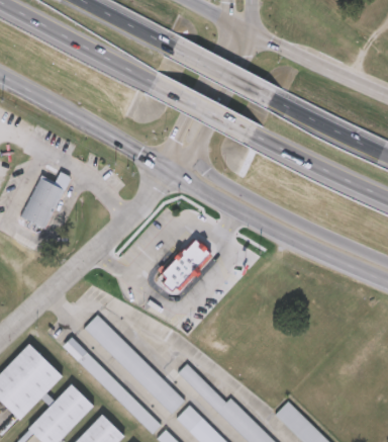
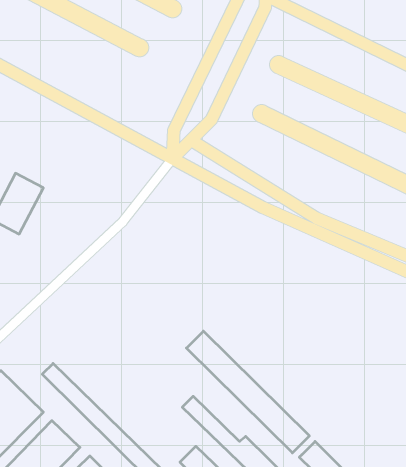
building: [160,239,210,290] -> none
building: [85,316,187,417] -> [186,331,309,453]

